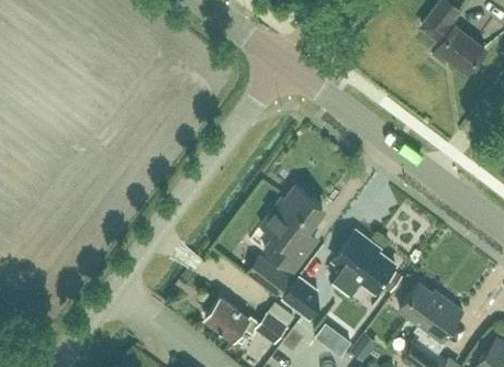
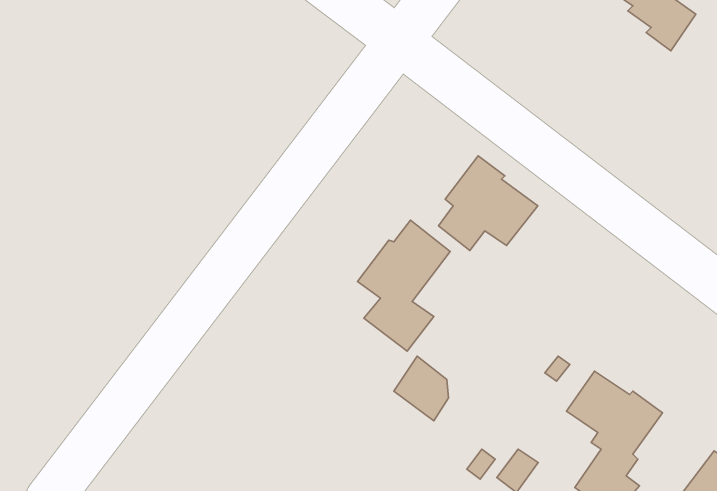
building: [329,232,395,294] -> [438,156,538,251]
building: [247,254,293,297] -> none
building: [205,298,287,343] -> none

